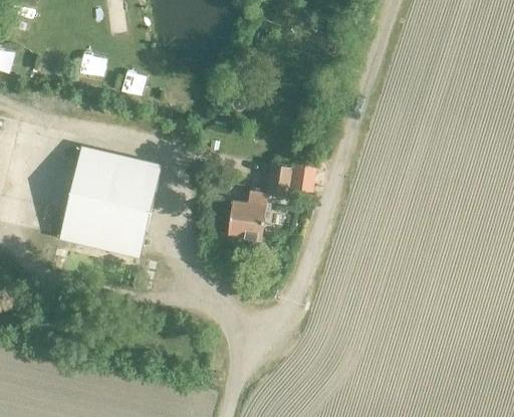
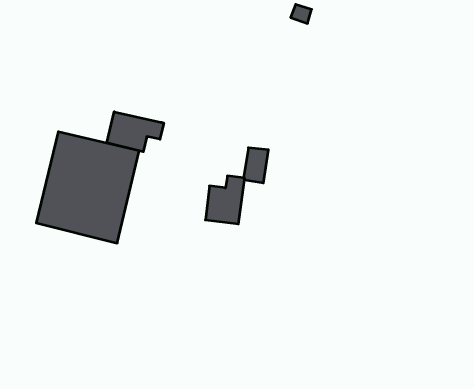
building: none -> [107,112,164,152]
building: [290,163,316,191] -> none

